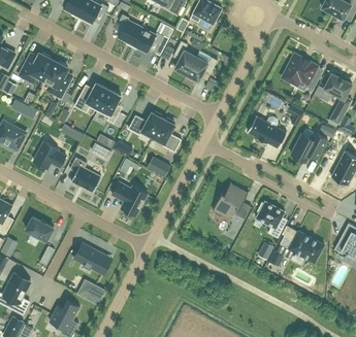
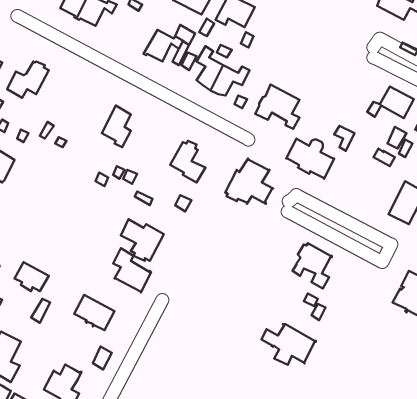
building: [117,12,141,45] -> none
building: [281,53,317,89] -> [255,85,300,129]
building: [42,59,67,96] -> none
building: [73,81,107,111] -> none
building: [127,110,162,136] -> none
building: [290,131,326,161] -> none
building: [33,140,65,168] -> none
building: [69,156,100,192] -> [113,248,151,292]
building: [212,181,251,218] -> [225,158,273,204]
building: [279,230,323,263] -> [261,324,316,365]

